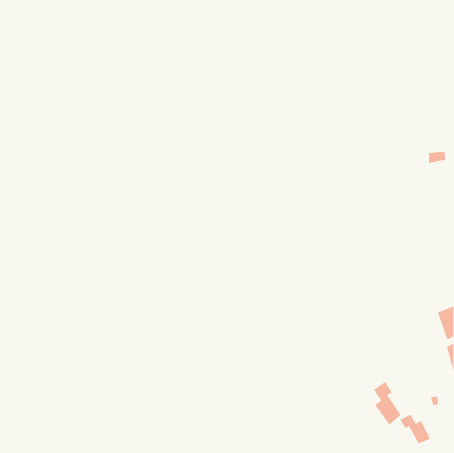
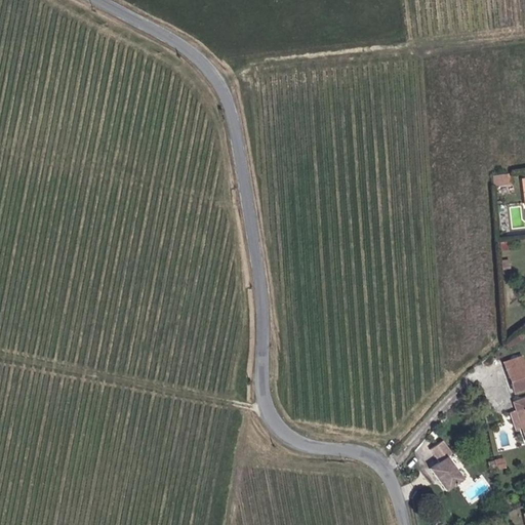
building: [399,414,431,444] -> none

